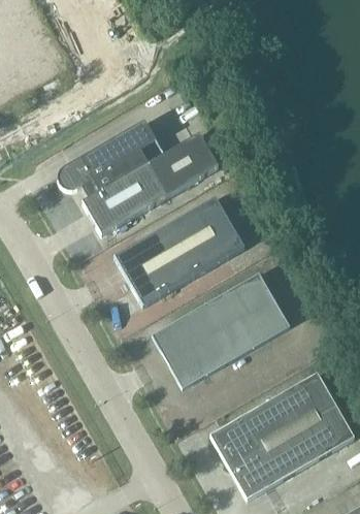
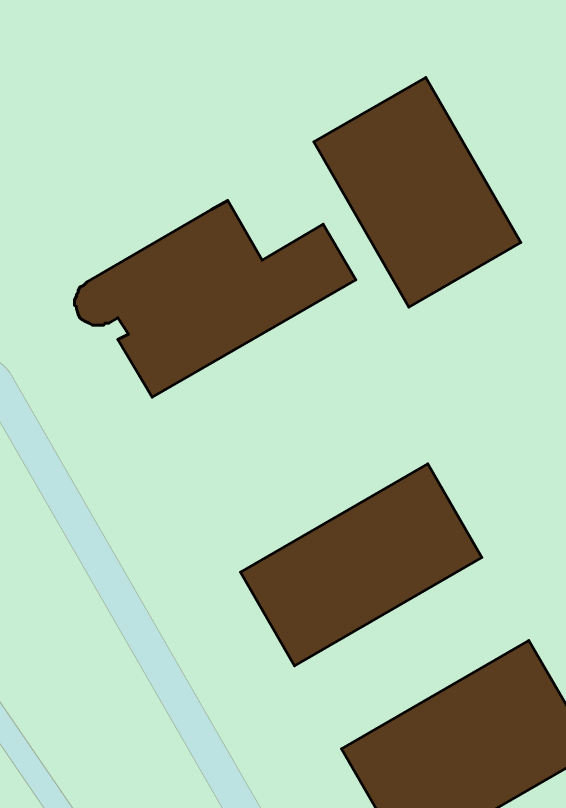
building: none -> [314,77,521,307]
building: [114,197,246,307] -> none

